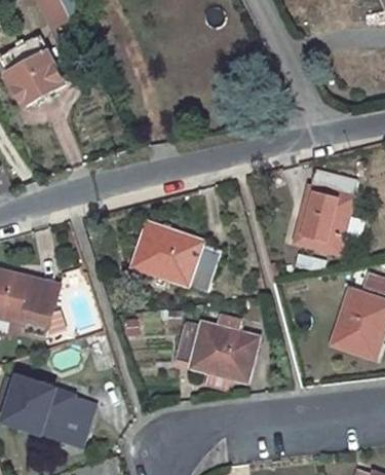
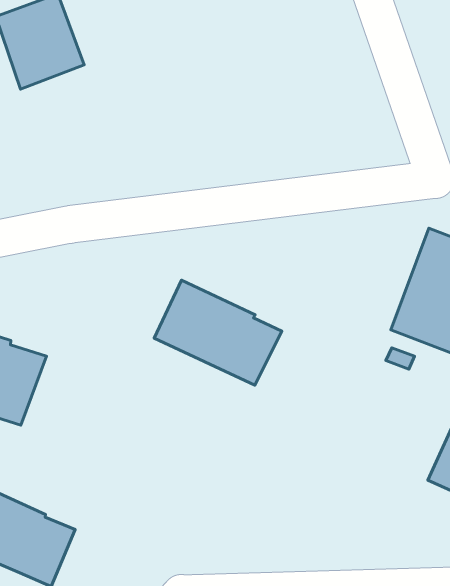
building: [175,321,258,381] -> none

